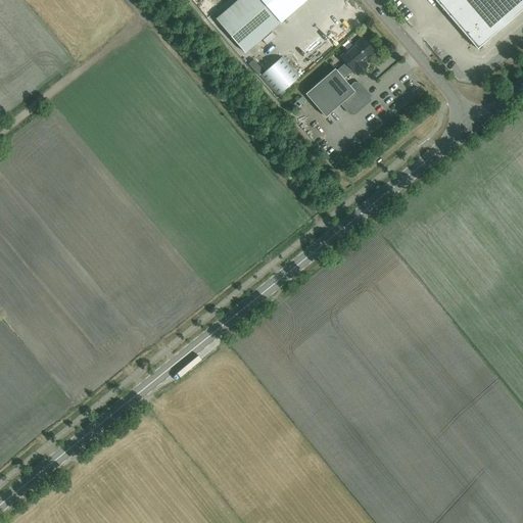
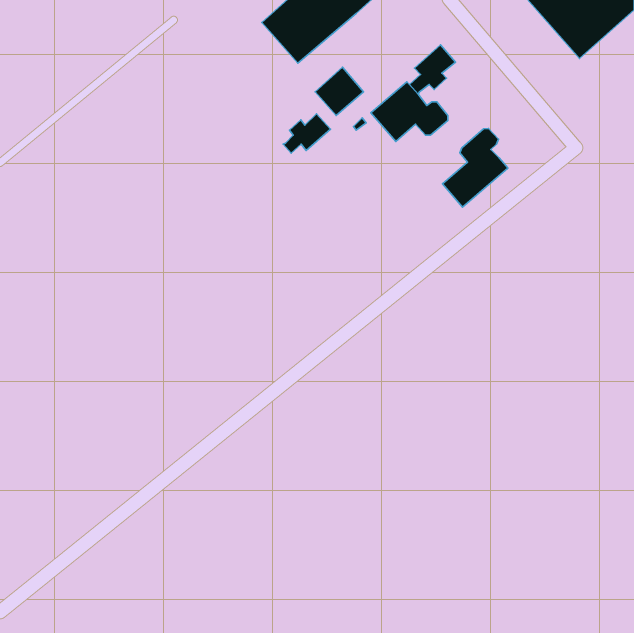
building: none -> [283,114,331,153]
building: none -> [442,129,508,207]

